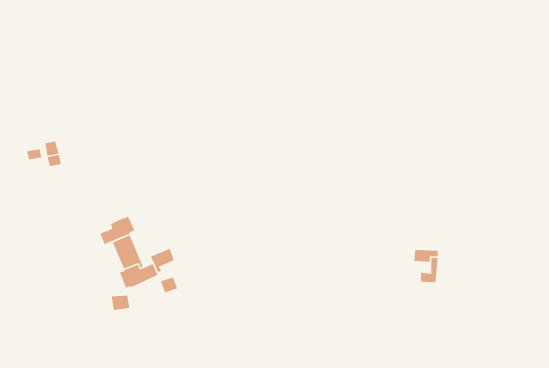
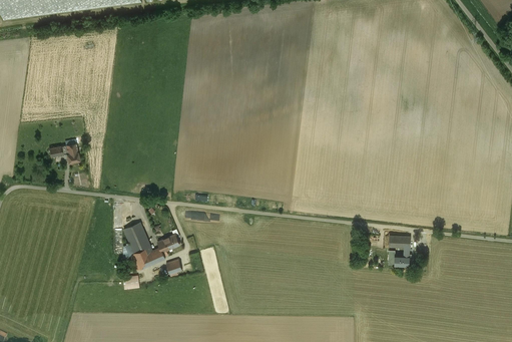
building: [99,215,136,245] -> none

